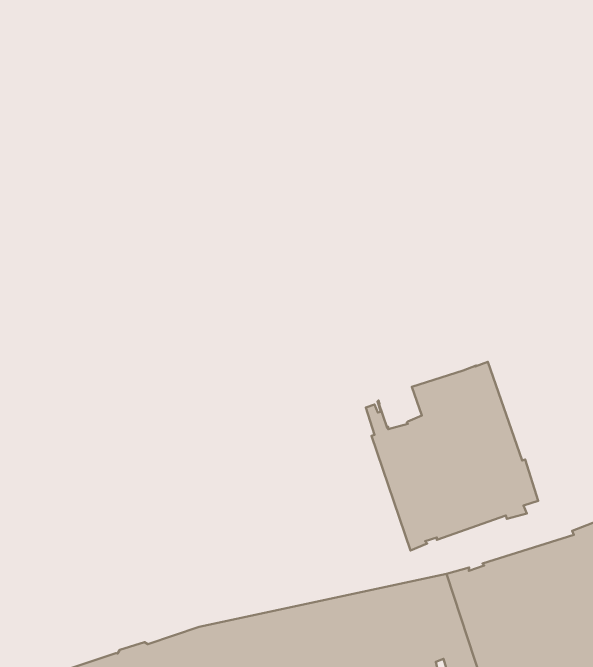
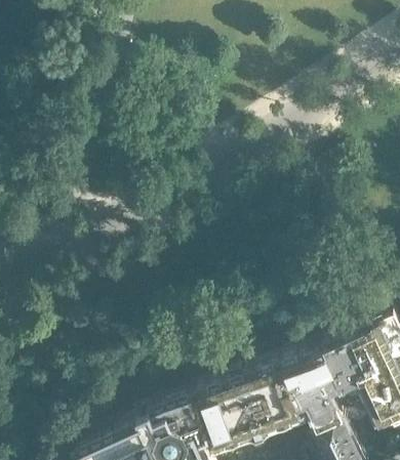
building: [366,362,538,550] -> none

